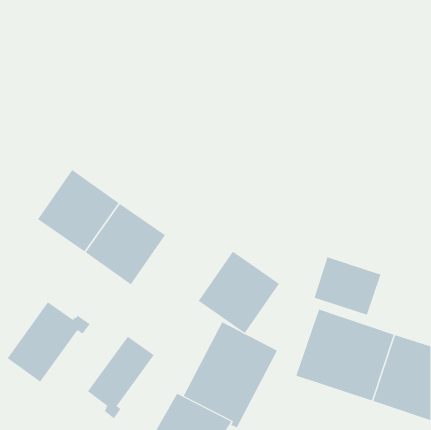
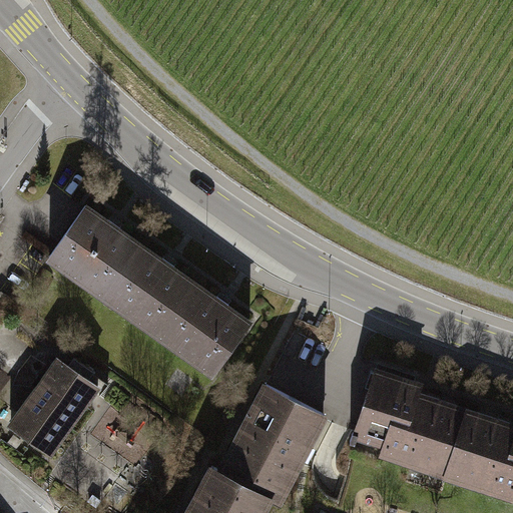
building: [198,251,280,334] -> [155,282,252,380]
building: [314,256,381,315] -> none
building: [87,336,154,419] -> none

